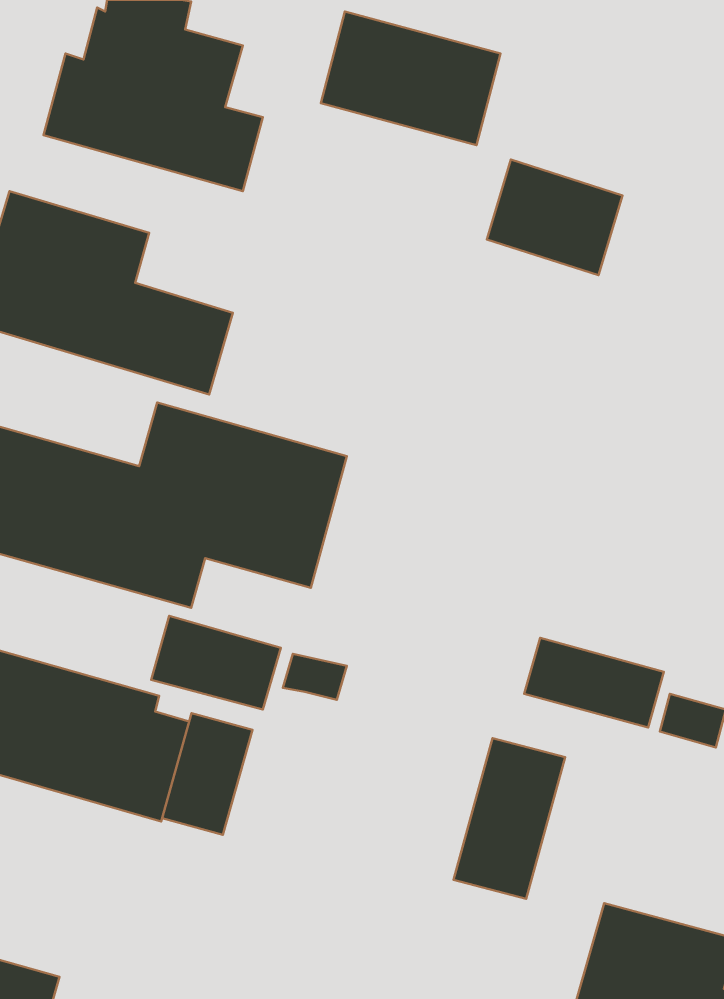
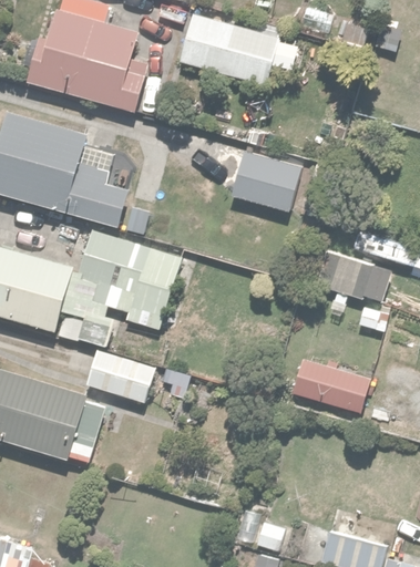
building: [487,160,622,275] -> [231,152,306,216]
building: none -> [308,246,396,303]
building: [162,713,253,835] -> none
building: [454,738,565,899] -> none

